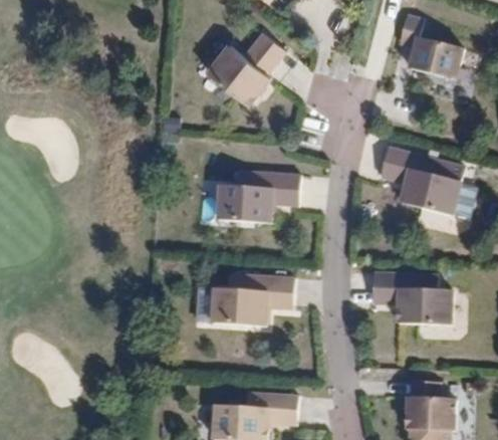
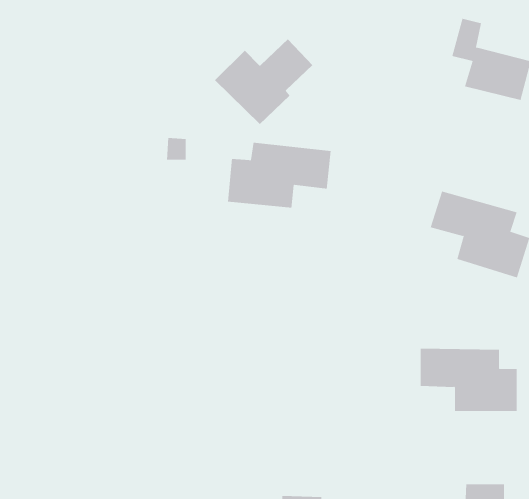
building: [217,169,299,221] -> [227,142,331,208]
building: [212,273,294,324] -> none

